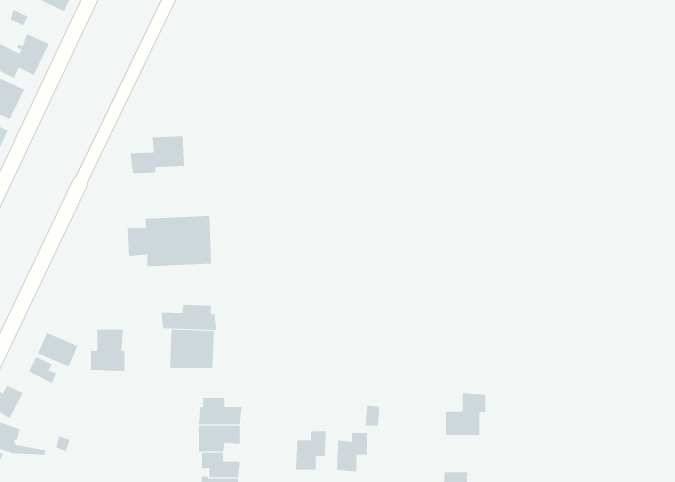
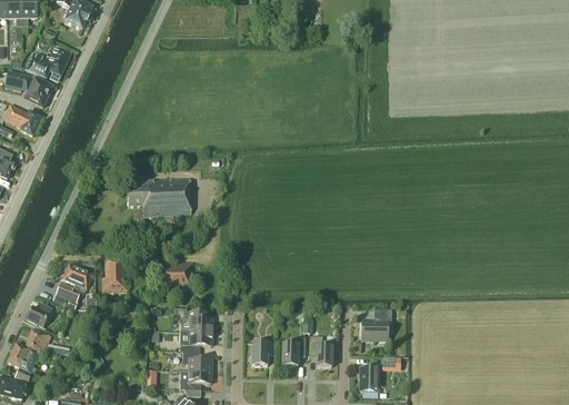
building: [130,135,185,174] -> none
building: [161,304,217,331] -> none
building: none -> [309,336,332,366]

